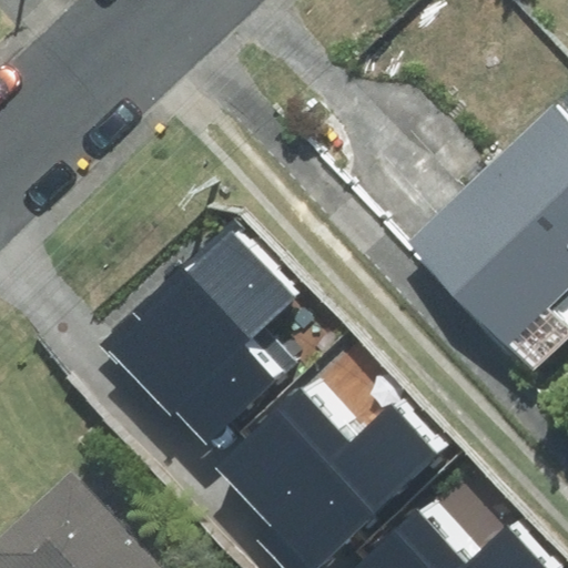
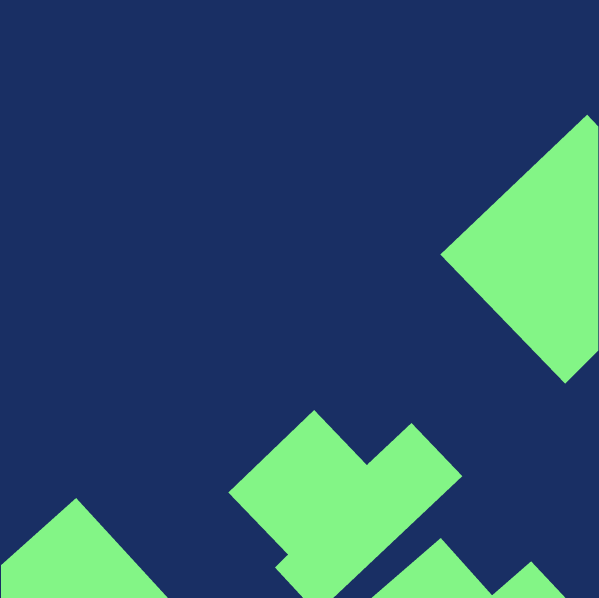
building: [106,227,296,447] -> none

